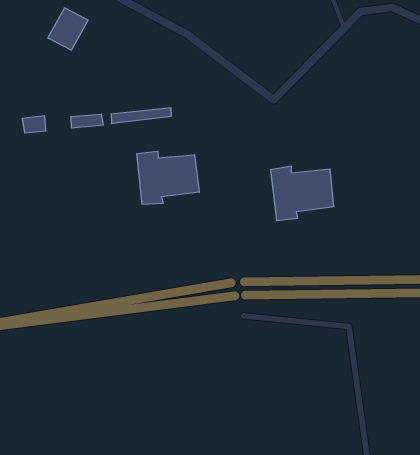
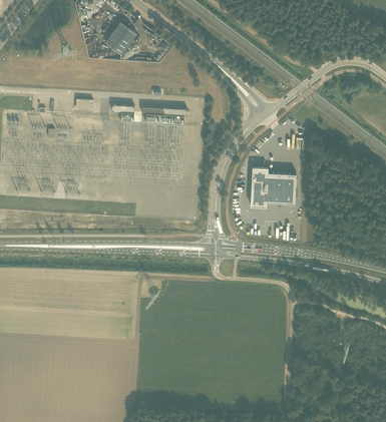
building: [137,151,199,204] -> none

